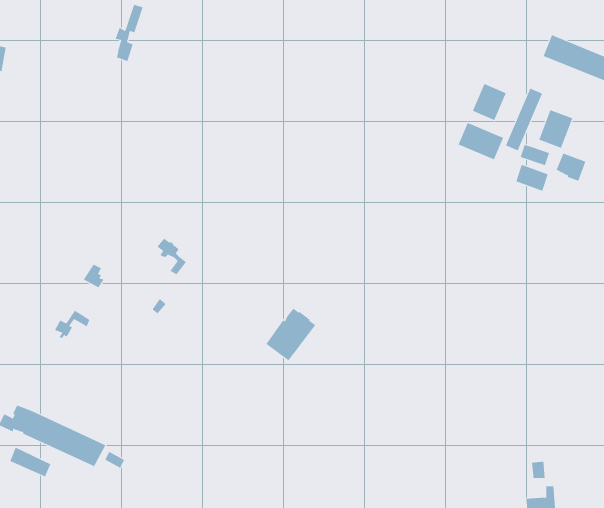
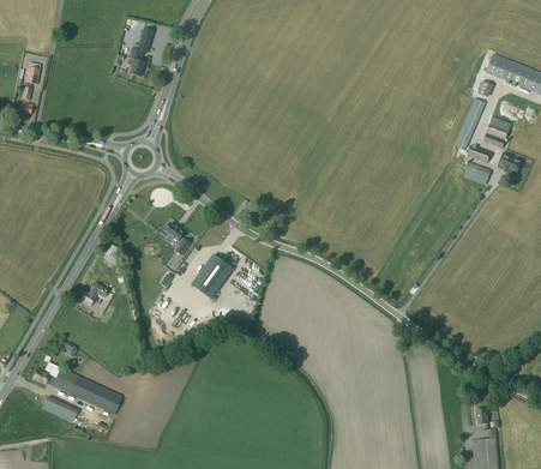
building: [472,83,506,121] -> none
building: [458,122,504,160] -> none
building: [266,308,316,361] -> [190,253,232,297]

